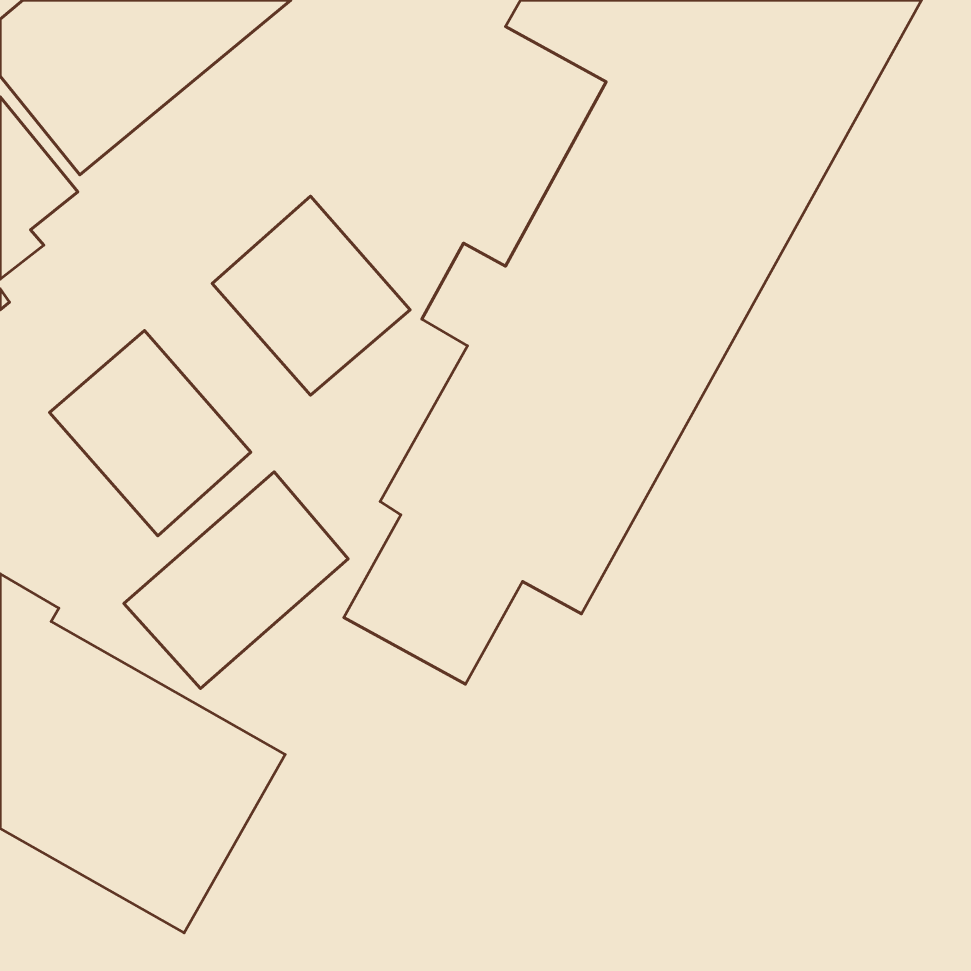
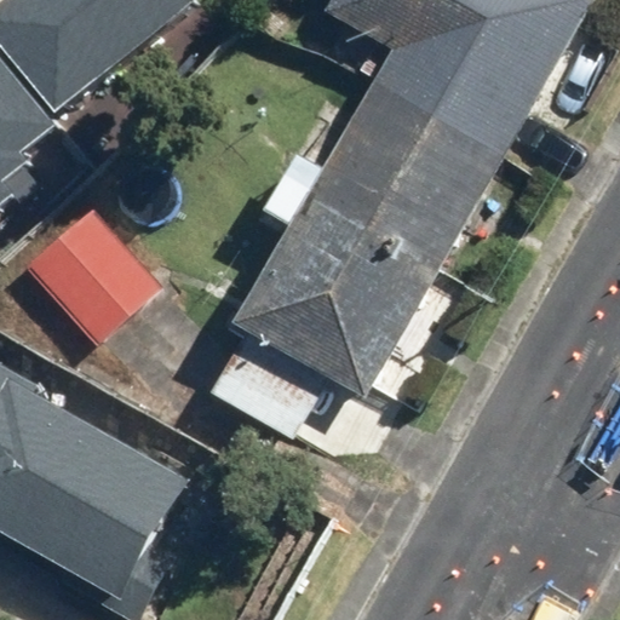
building: [212,196,410,395] -> none
building: [124,472,348,689] -> none

